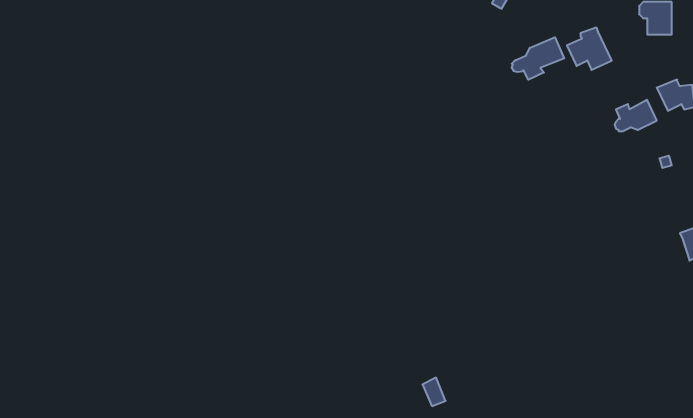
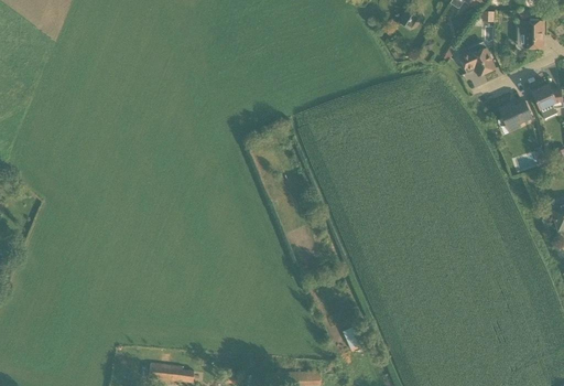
building: [512,37,564,80] -> none

